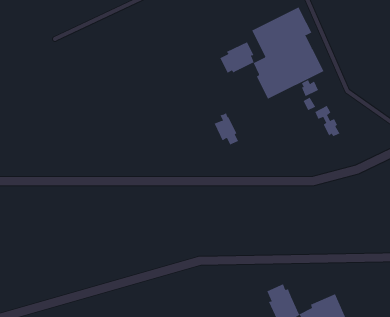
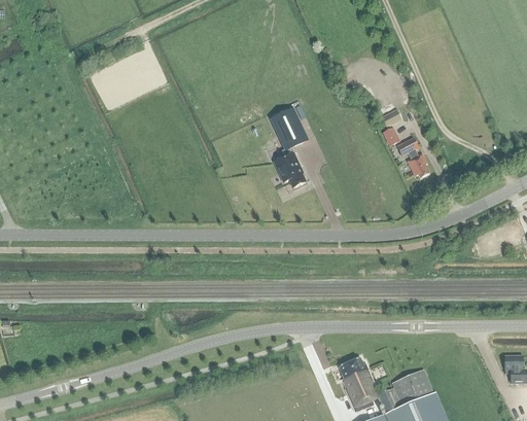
building: [220,6,324,99] -> none
building: none -> [271,107,307,148]

